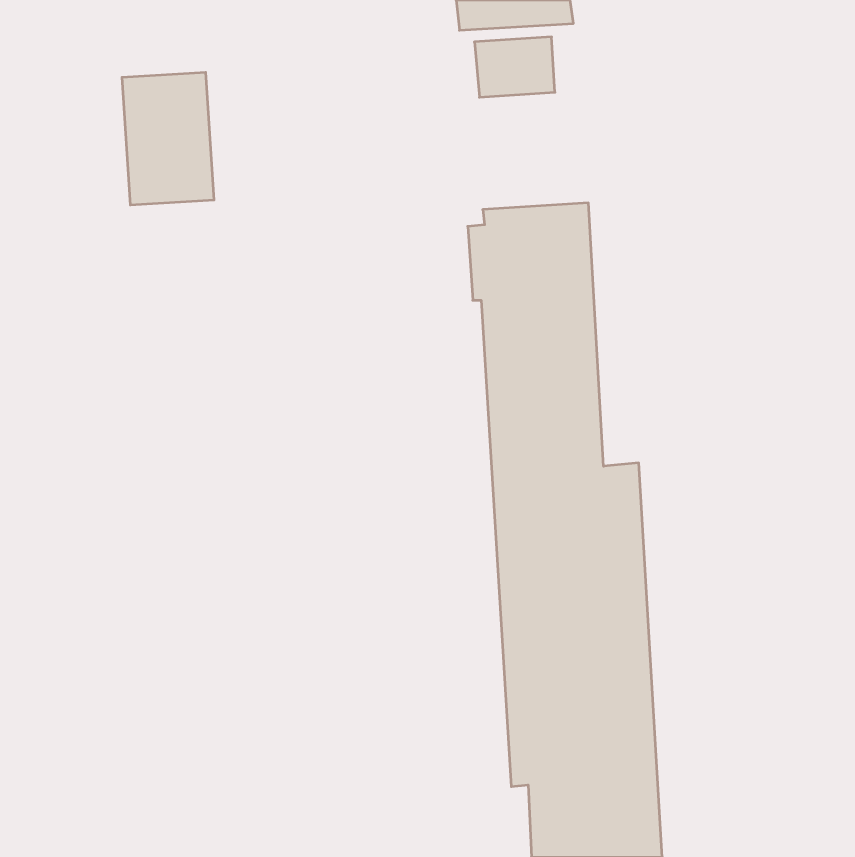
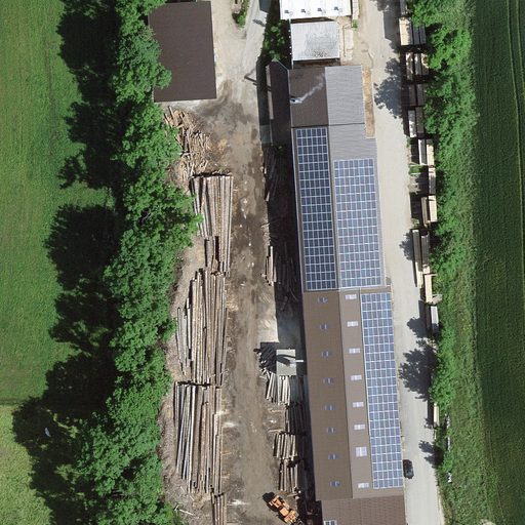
building: [122,72,214,205] -> [155,12,211,93]
building: none -> [274,62,361,138]

